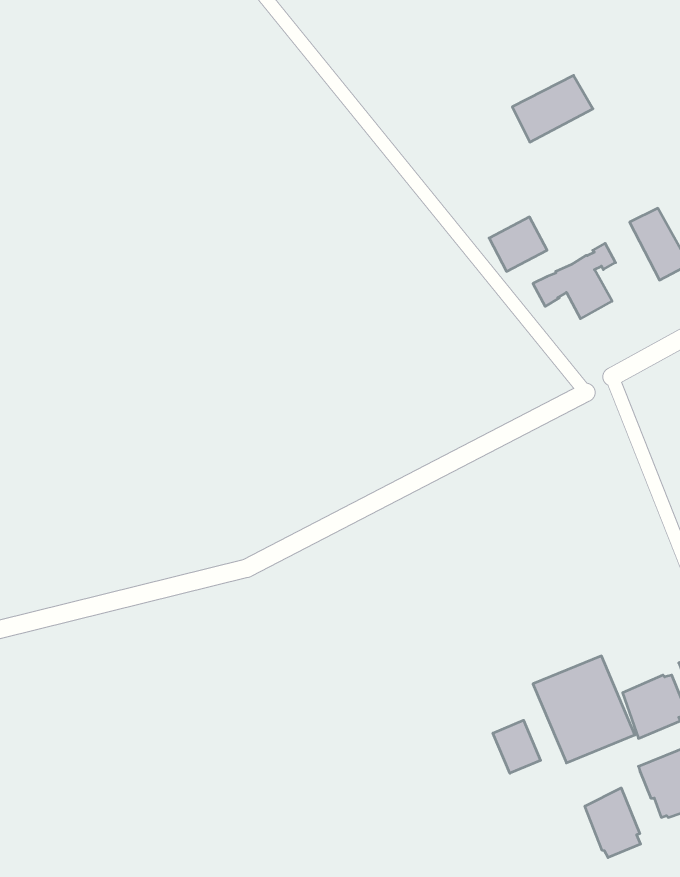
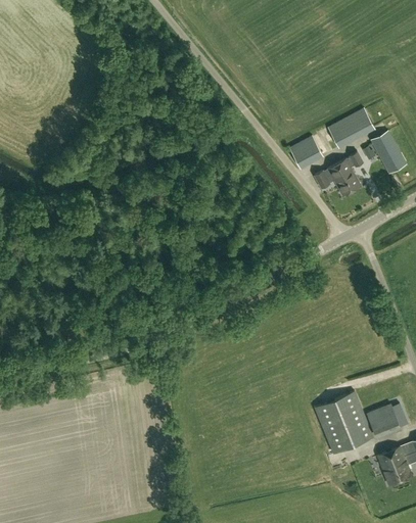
building: [512,75,593,142] -> [328,108,375,147]
building: [493,720,541,773] -> none
building: [585,788,641,858] -> none

